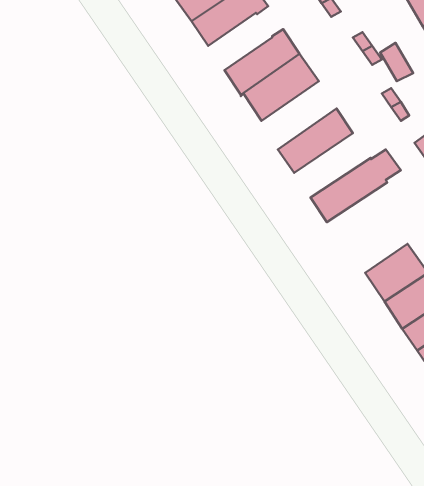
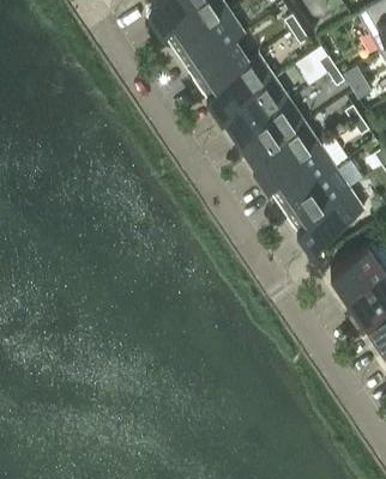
building: none -> [192,41,248,91]
building: none -> [239,101,304,160]
building: none -> [267,146,334,202]
building: none -> [296,189,363,247]

